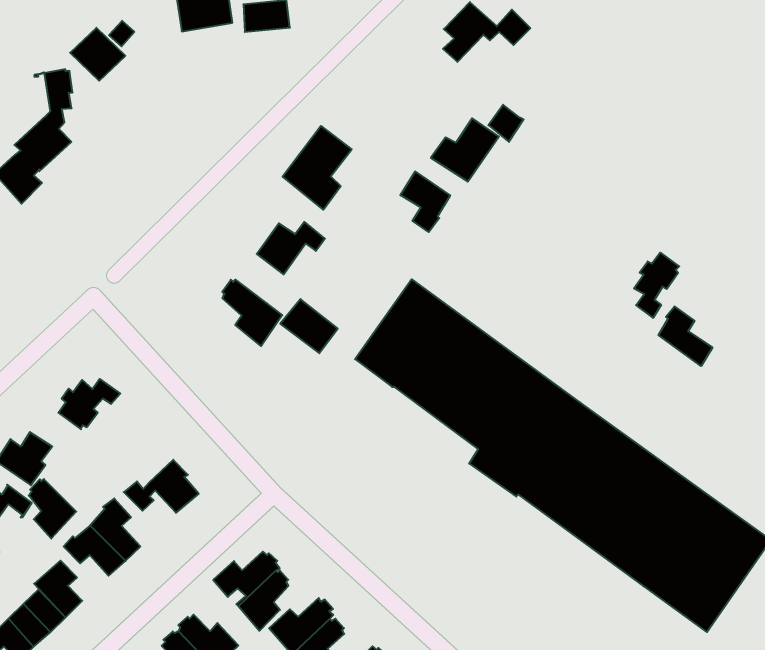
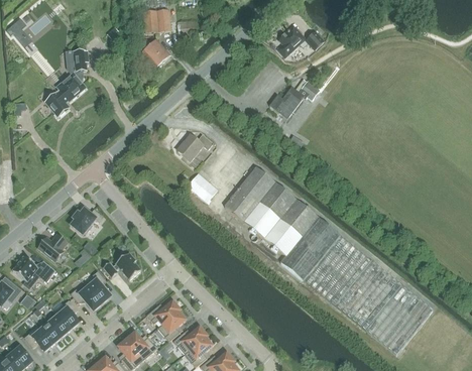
building: [70,28,125,81] -> [142,39,170,67]
building: [283,126,352,210] -> none
building: [400,171,450,232] -> none
building: [634,253,679,318] -> none
building: [222,280,282,346] -> none
building: [658,306,712,366] -> none
building: [29,479,76,539] -> none

